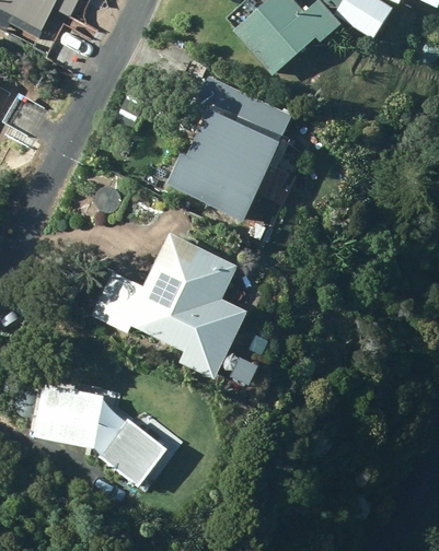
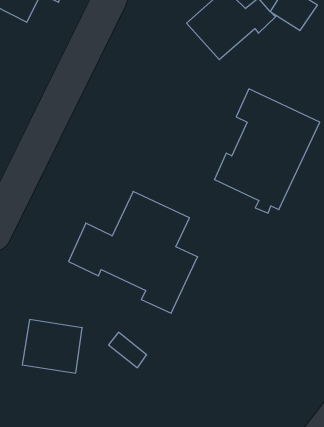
building: [165,74,292,224] -> [214,89,320,213]
building: [97,419,169,488] -> none

